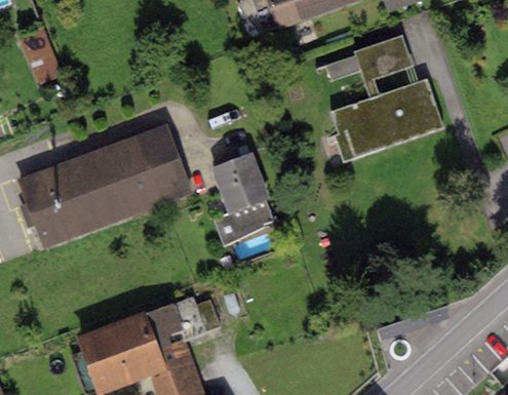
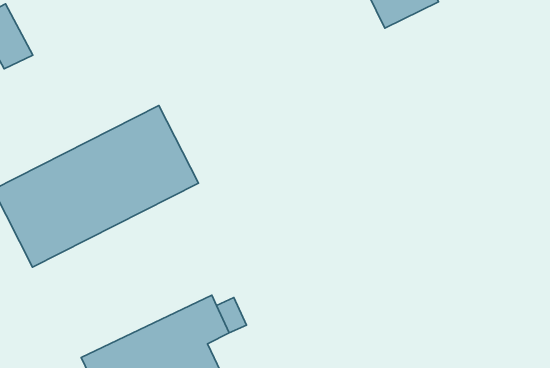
building: [327,78,442,158] -> none
building: [210,153,272,244] -> none

